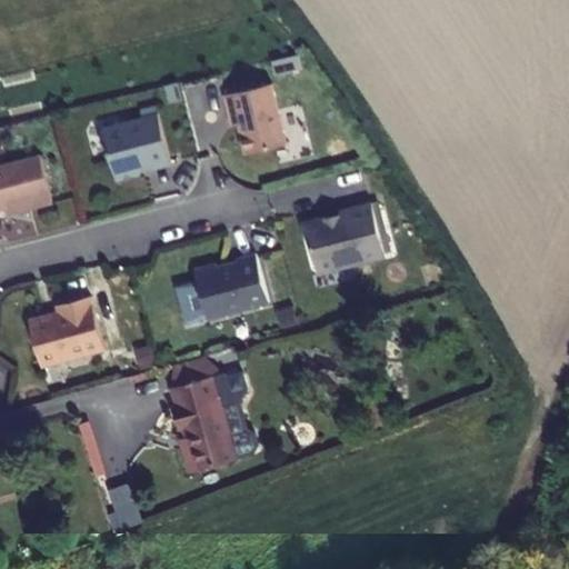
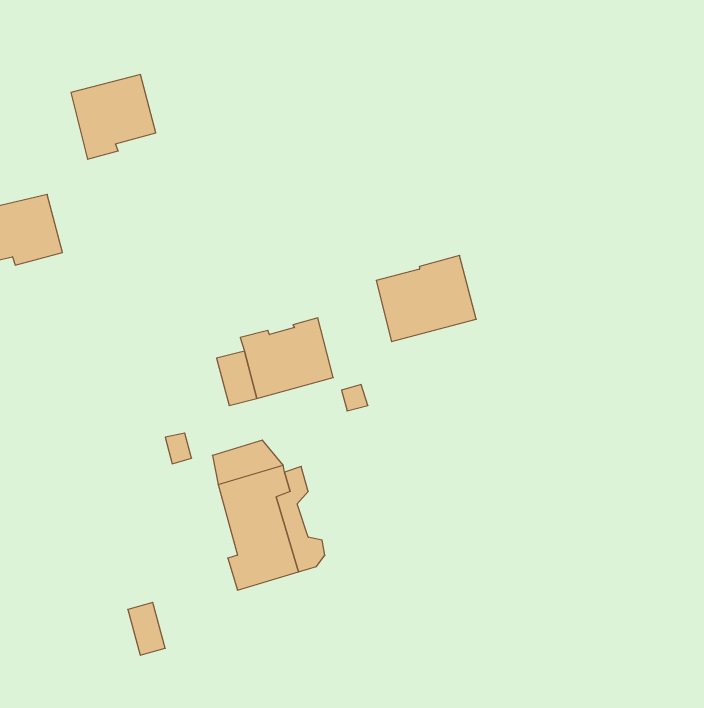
building: [222,84,284,154] -> none
building: [100,114,168,182] -> [71,75,156,159]
building: [27,297,103,367] -> none

